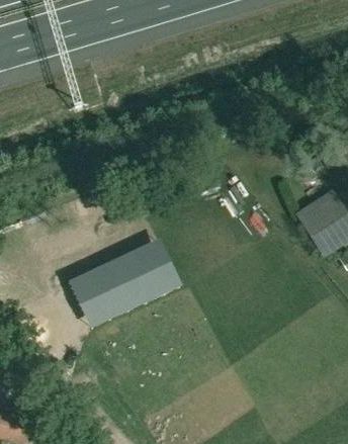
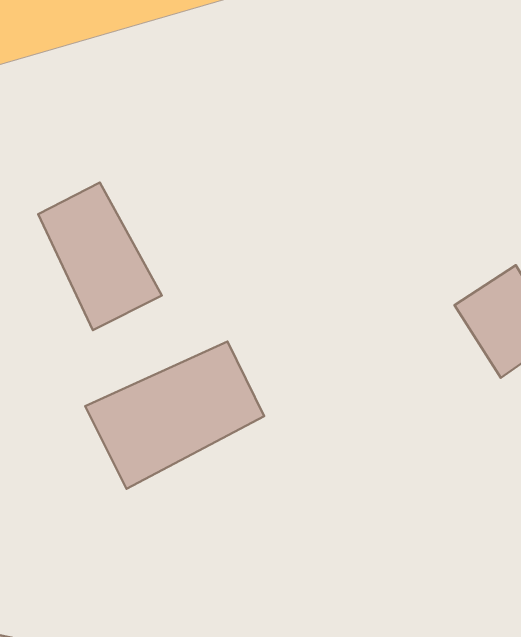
building: none -> [38,183,162,330]

